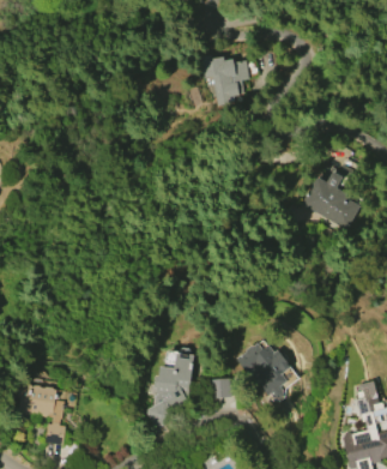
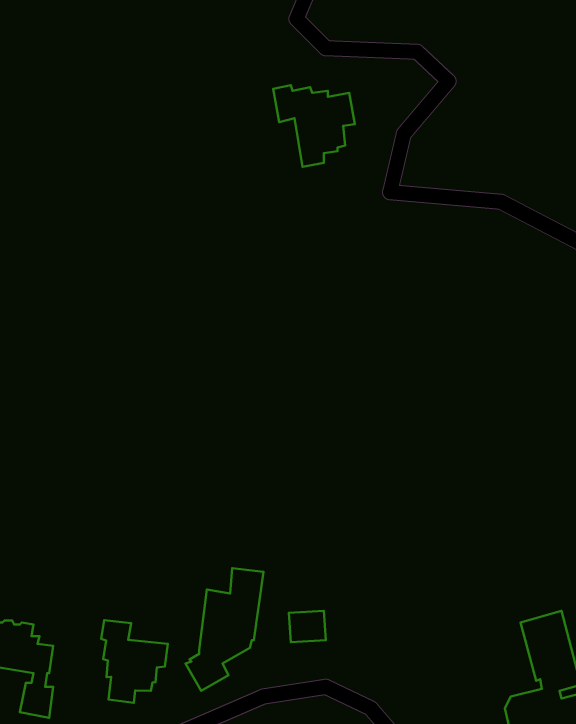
building: [302,166,359,229] -> none
building: [236,343,290,398] -> none
building: none -> [101,620,168,703]

